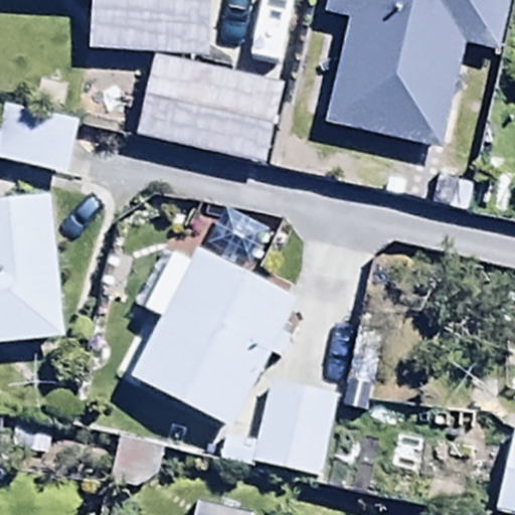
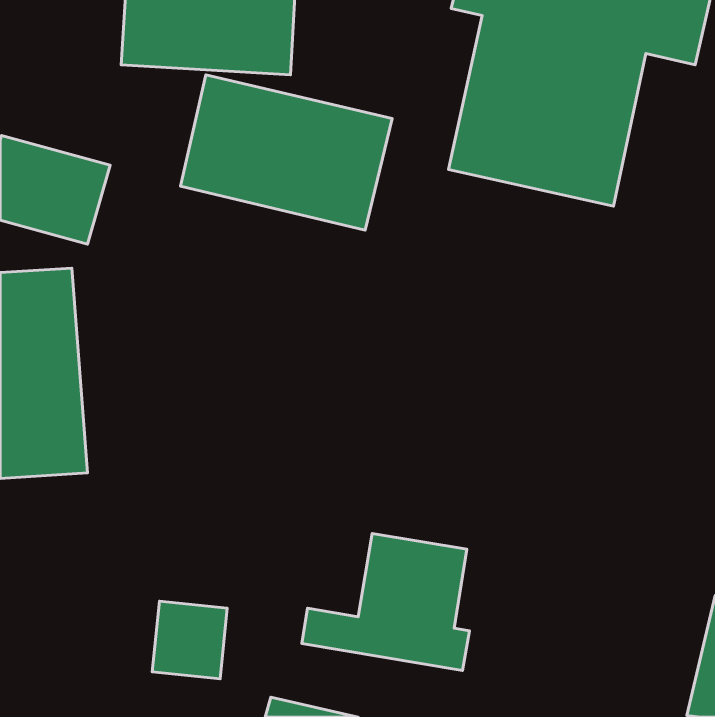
building: [131,245,297,426] -> none

